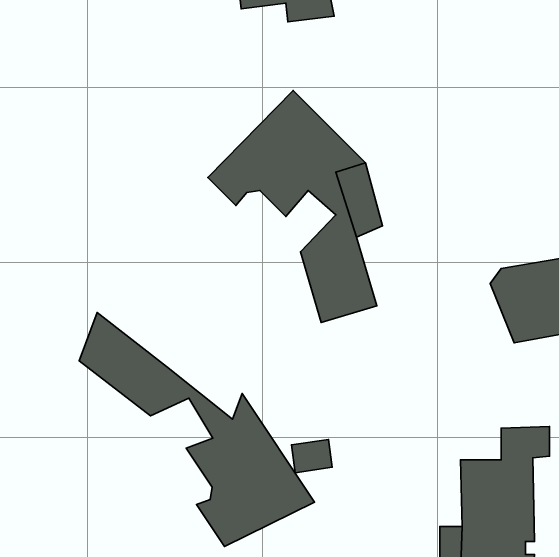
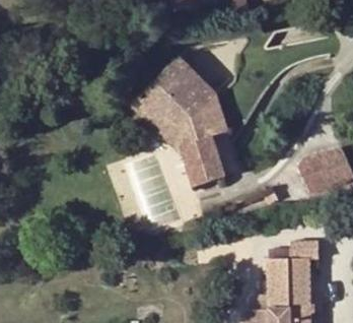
building: none -> [148,112,203,151]
building: [79,312,315,546] -> none

